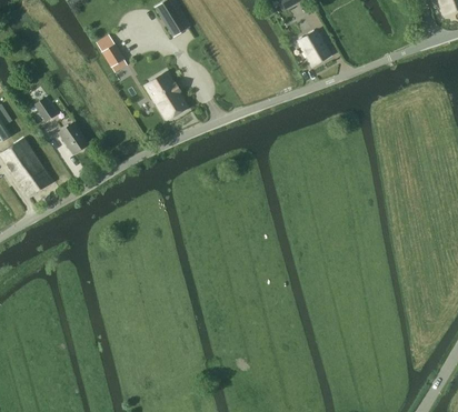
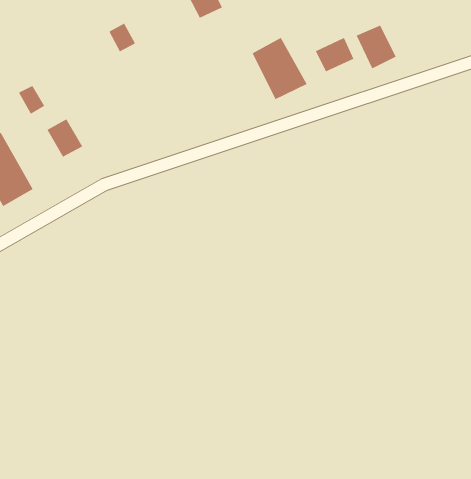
building: none -> [315,37,354,72]
building: [145,69,190,119] -> [252,37,307,100]

